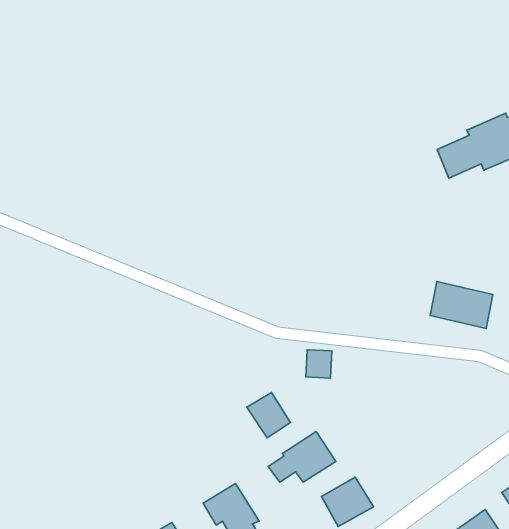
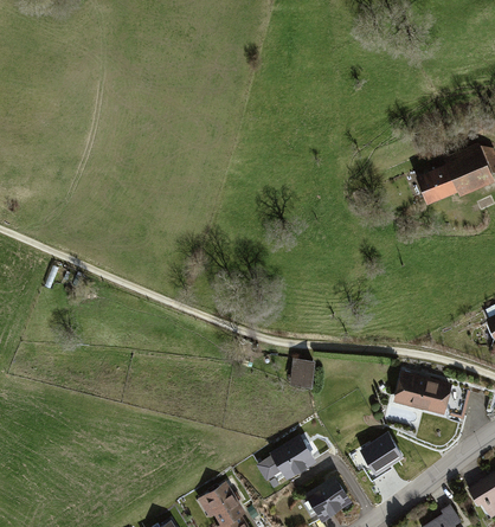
building: [430,282,493,328] -> [394,372,451,414]
building: [247,392,291,438] -> none
building: none -> [355,435,401,480]

